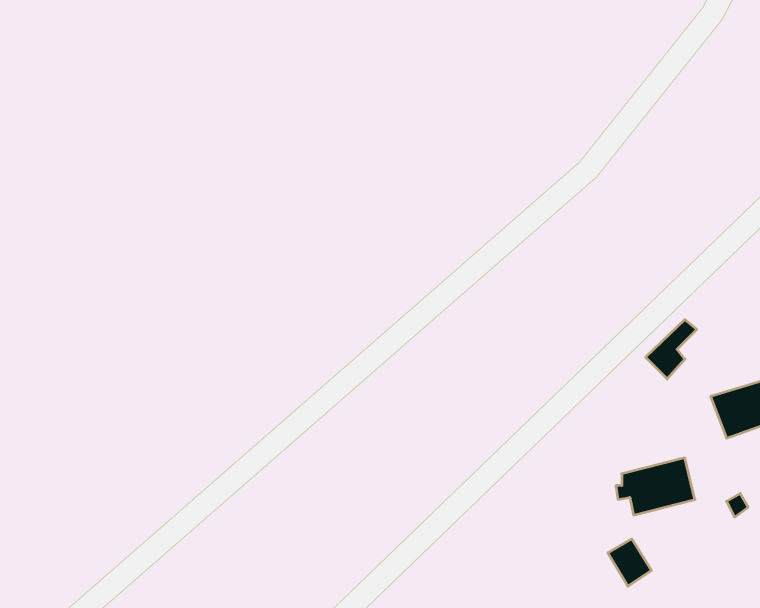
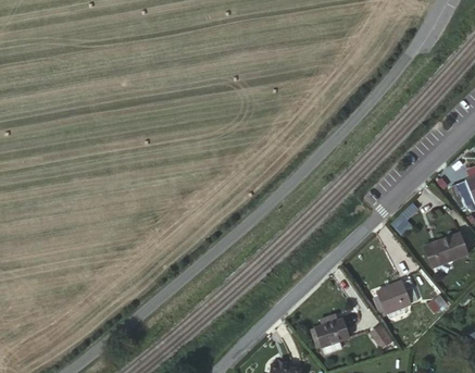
building: none -> [316,321,349,348]

